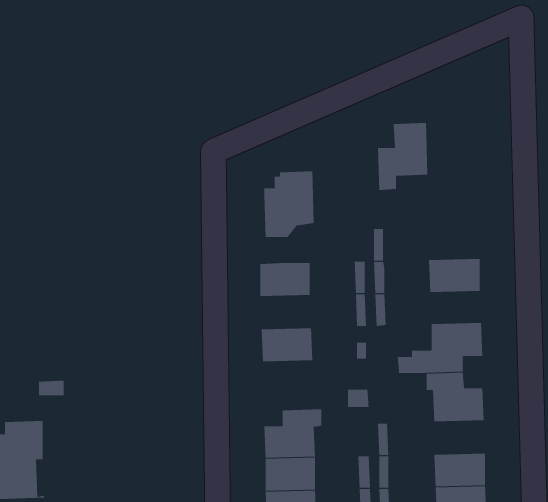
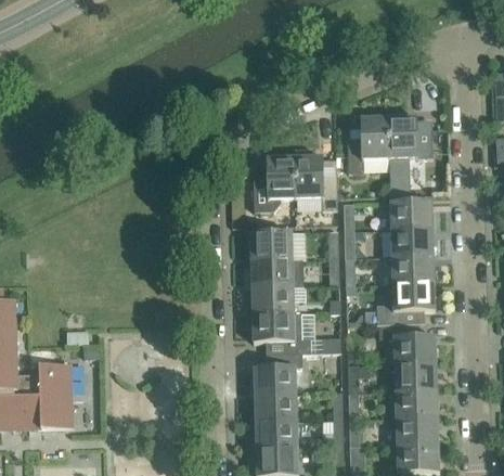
building: none -> [389,111,432,194]
building: none -> [295,149,337,209]
building: none -> [390,200,434,229]
building: none -> [391,255,435,282]
building: none -> [250,258,303,286]
building: none -> [253,312,311,353]
building: none -> [395,362,438,390]

